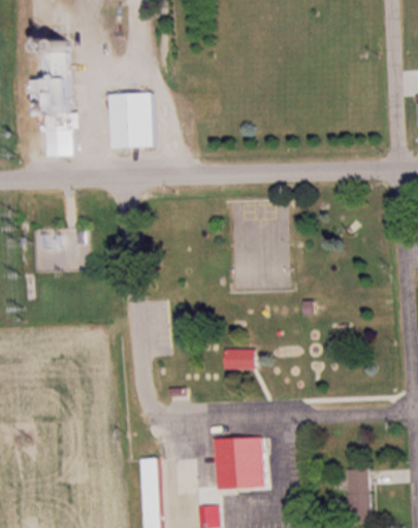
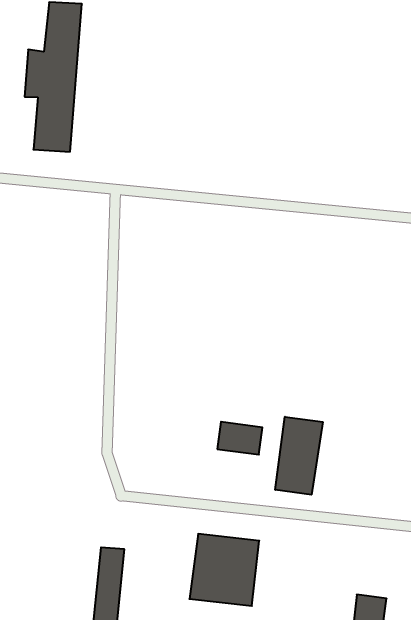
building: [109,92,154,148] -> none
building: none -> [275,417,323,495]

